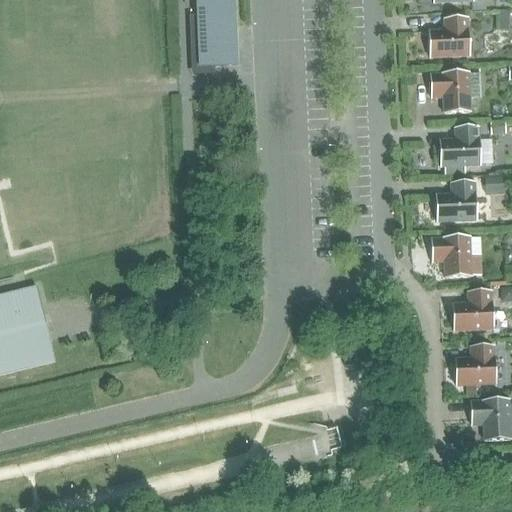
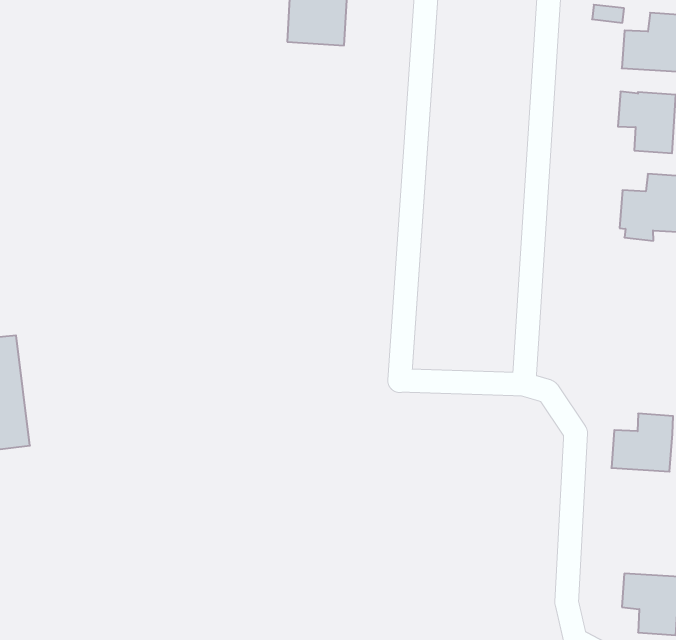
building: [435,180,476,220] -> none
building: [431,235,481,276] -> none
building: [454,343,495,384] -> none

